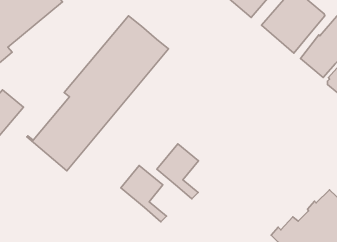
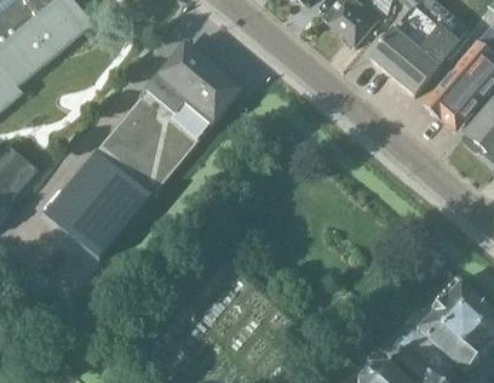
building: [157,144,199,199] -> none
building: [121,165,166,222] -> none

